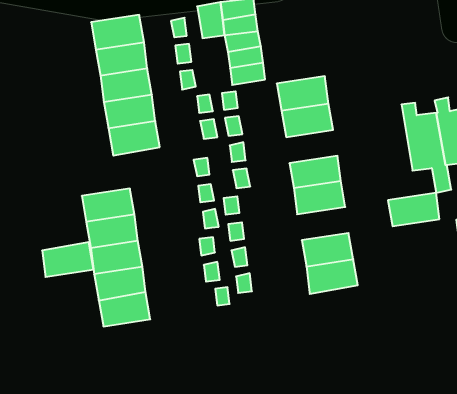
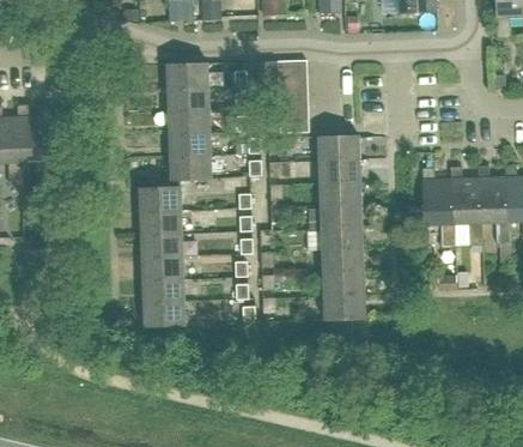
building: none -> [320,182,361,206]
building: [388,193,439,226] -> [321,249,363,273]
building: [42,242,94,277] -> [139,187,181,212]

